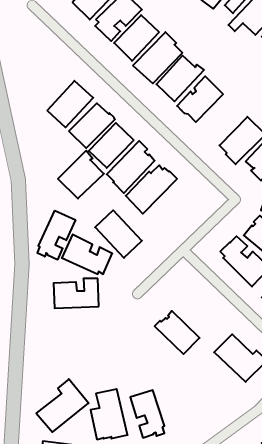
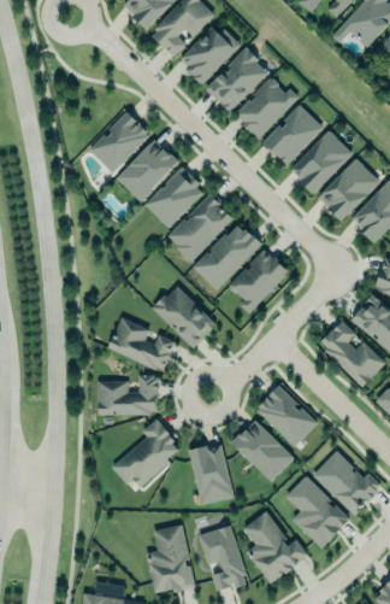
building: none -> [290,130,353,194]
building: [58,151,104,199] -> none
building: none -> [226,248,288,311]
building: [37,211,75,260] -> none
building: none -> [256,382,320,447]
building: none -> [189,444,234,504]
building: none -> [286,475,350,547]
building: [36,379,89,432] -> [113,418,183,489]
building: none -> [242,511,308,585]

